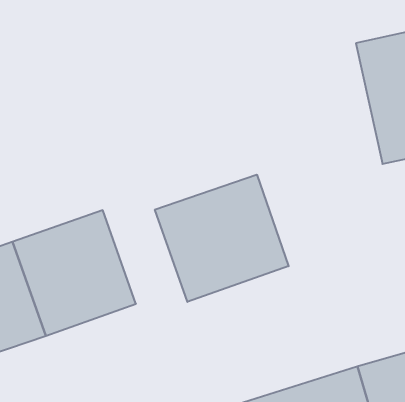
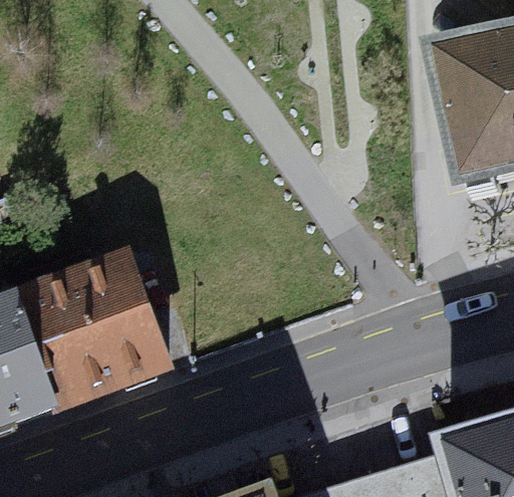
building: [155,175,289,302] -> none

